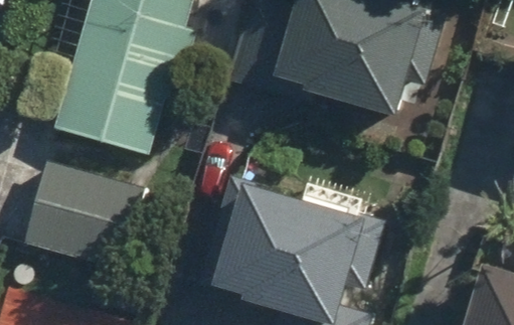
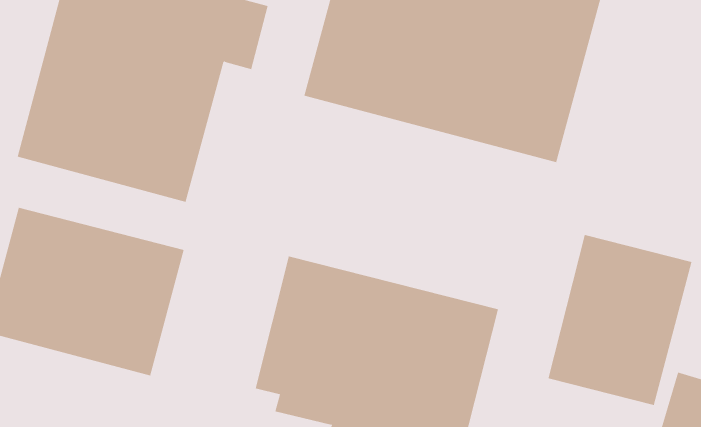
building: none -> [548,234,692,406]

